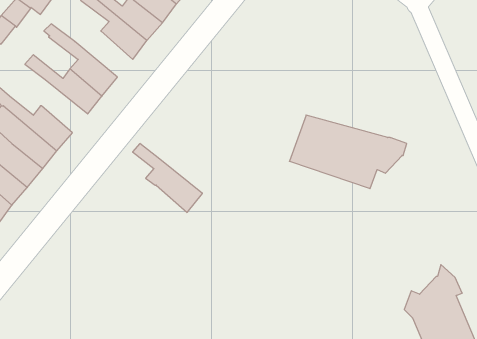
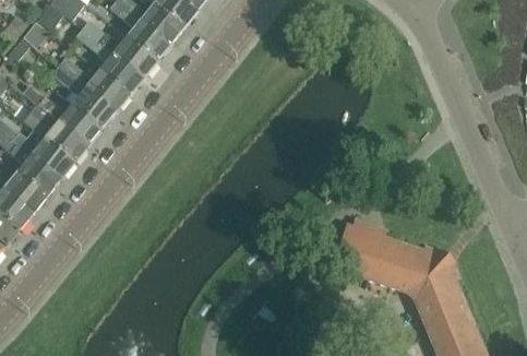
building: none -> [80,19,157,78]
building: [289,115,407,189] -> [333,224,441,292]
building: [133,144,202,212] -> [51,66,116,129]

